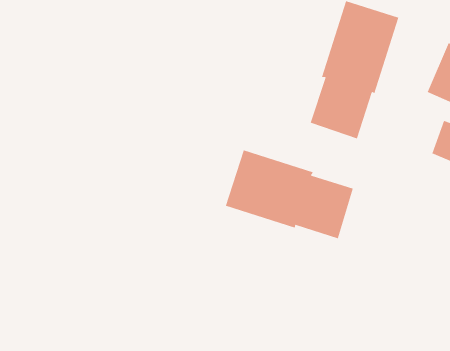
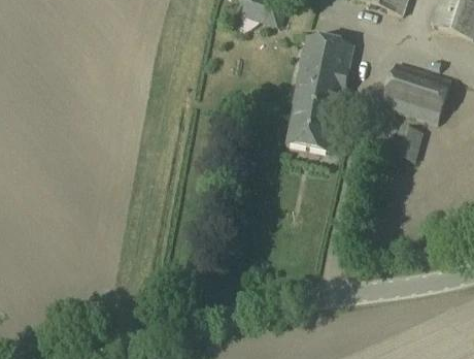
building: [225,149,353,239] -> none

